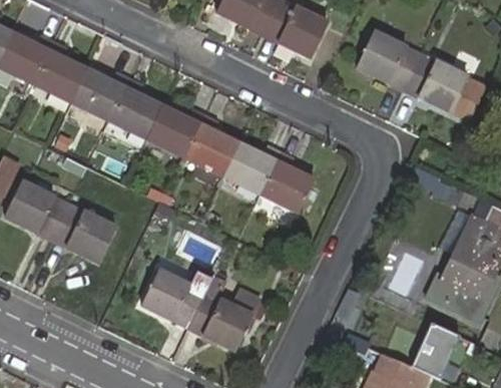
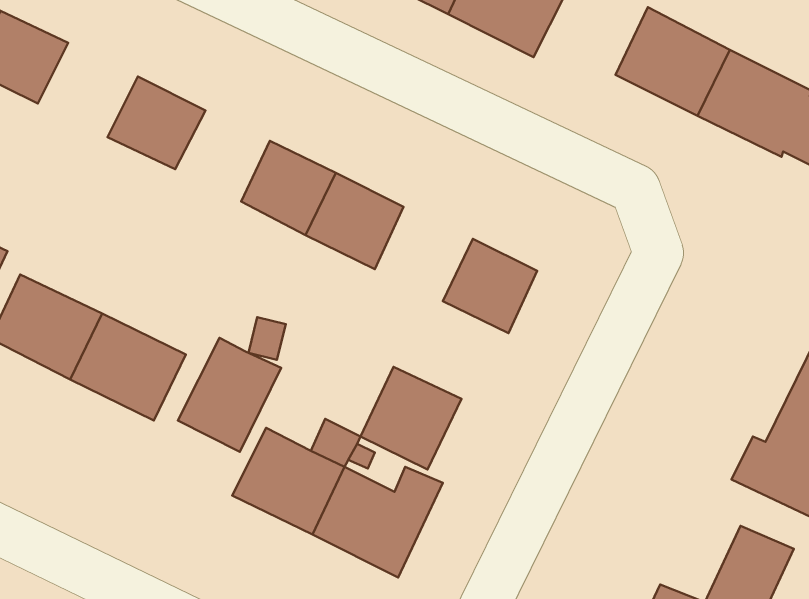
building: [33,50,89,103] -> none
building: [110,88,163,139] -> none
building: [222,142,278,196] -> none
building: none -> [178,338,281,452]
building: none -> [361,367,462,469]

